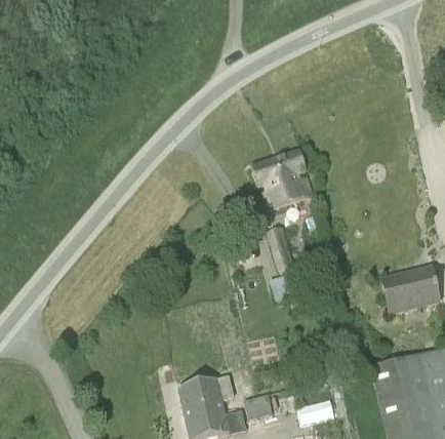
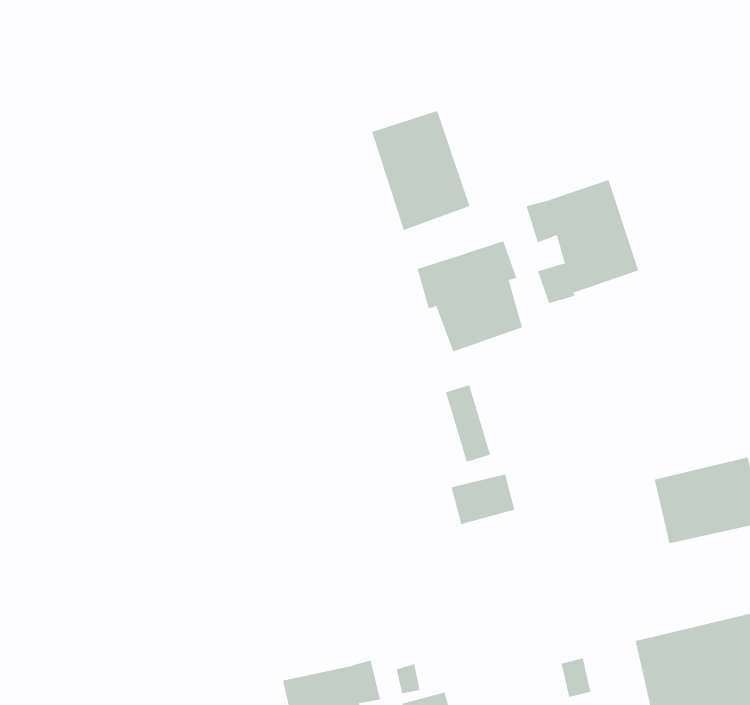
building: none -> [372,110,470,231]
building: none -> [526,179,639,304]

